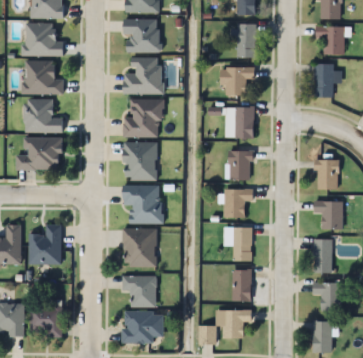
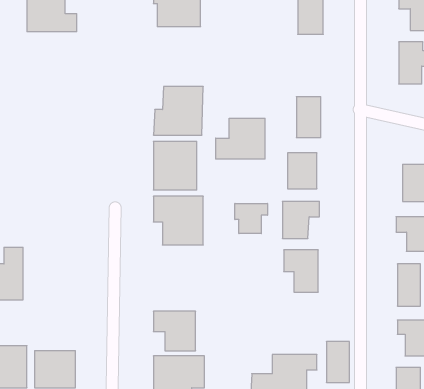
building: [123,57,162,94] -> none
building: [24,60,63,94] -> none
building: [220,67,255,95] -> none
building: [25,100,63,132] -> none
building: none -> [216,118,265,159]
building: [16,138,61,170] -> none
building: none -> [235,203,267,234]
building: [30,225,61,264] -> none
building: [123,228,156,265] -> none
building: [233,268,251,300] -> [326,342,349,382]

